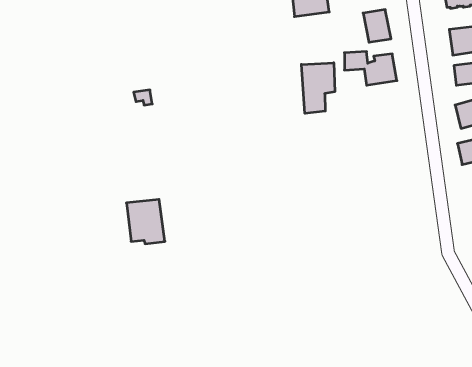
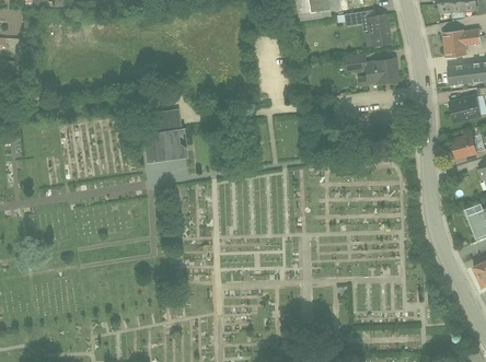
building: [301,63,335,113] -> none
building: [126,199,165,244] -> [144,112,181,153]

